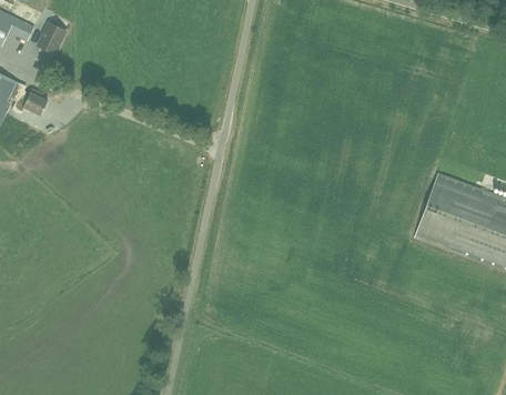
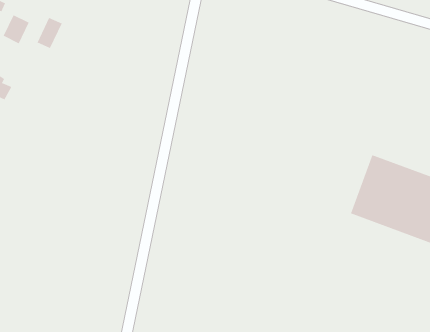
building: none -> [37,17,62,49]

